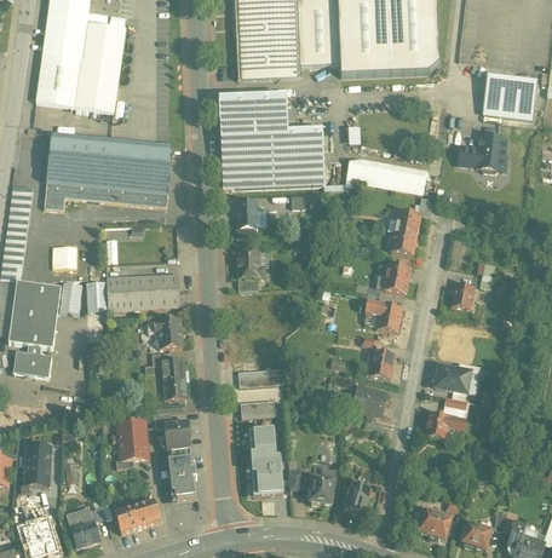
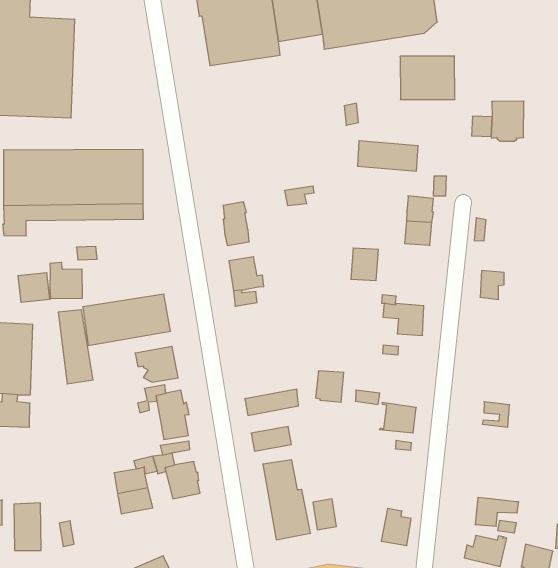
building: [483,74,534,116] -> [400,56,455,100]
building: [219,96,326,189] -> none
building: none -> [50,262,82,299]
building: [384,264,410,294] -> [351,248,378,281]
building: [367,350,393,379] -> [316,371,344,402]
building: [432,364,473,396] -> none
building: [426,413,466,439] -> [475,497,519,526]
building: [167,458,196,499] -> none
building: [310,474,334,506] -> none

